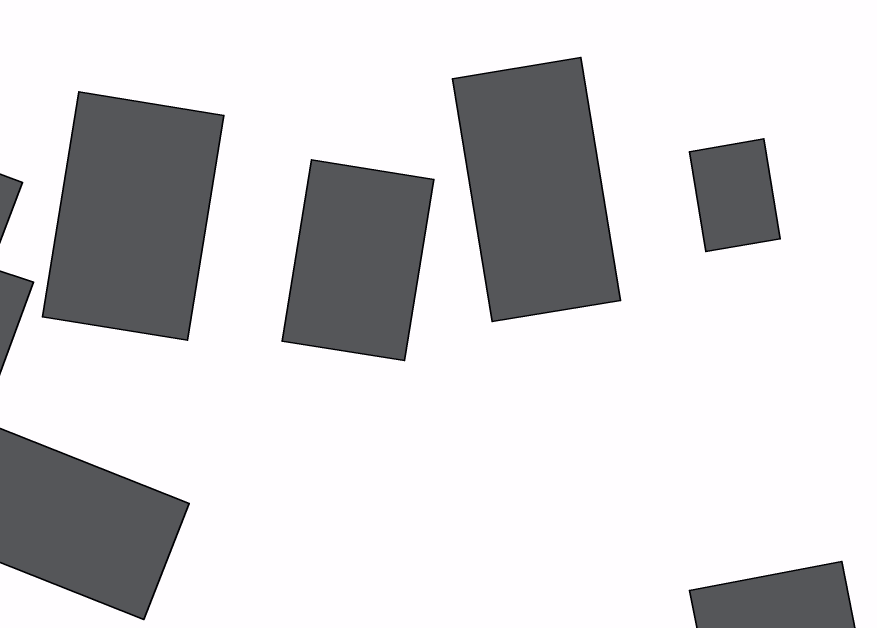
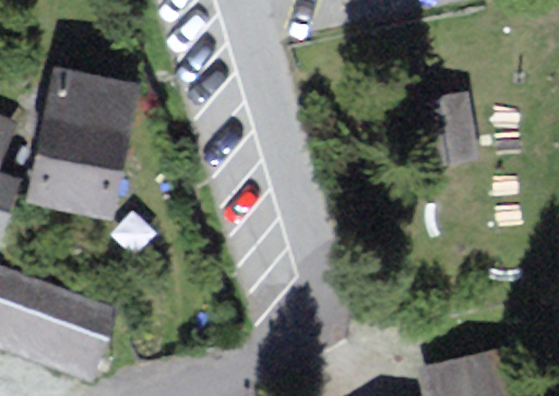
building: [452,58,620,322] -> none
building: [282,160,434,361] -> none

